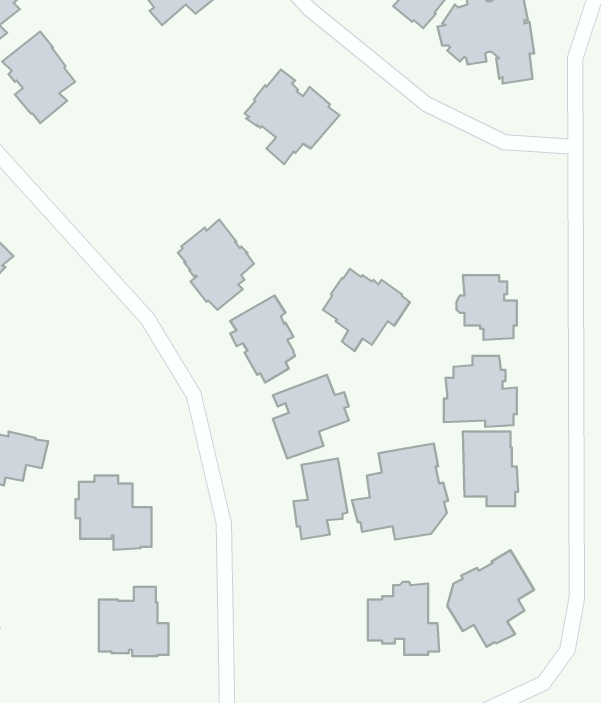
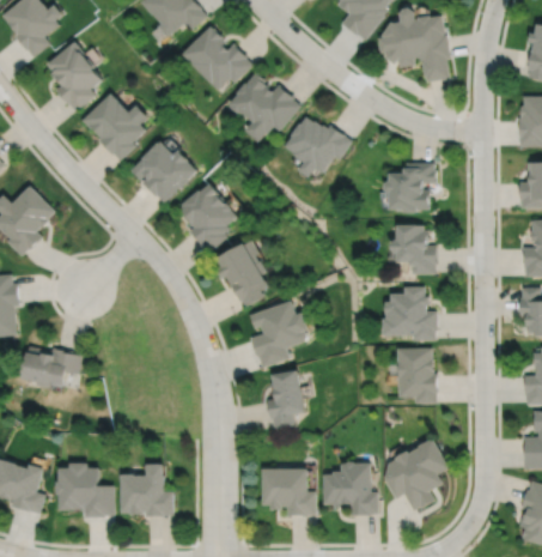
building: none -> [182,26,252,91]
building: none -> [83,93,148,161]
building: none -> [132,143,197,202]
building: none -> [383,163,436,213]
building: [323,269,410,351] -> [286,116,352,178]
building: [352,444,448,539] -> none
building: [76,475,151,550] -> [55,460,112,516]
building: none -> [262,466,316,515]

